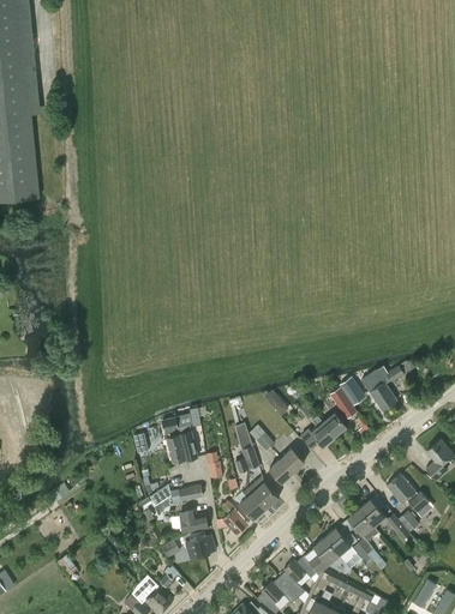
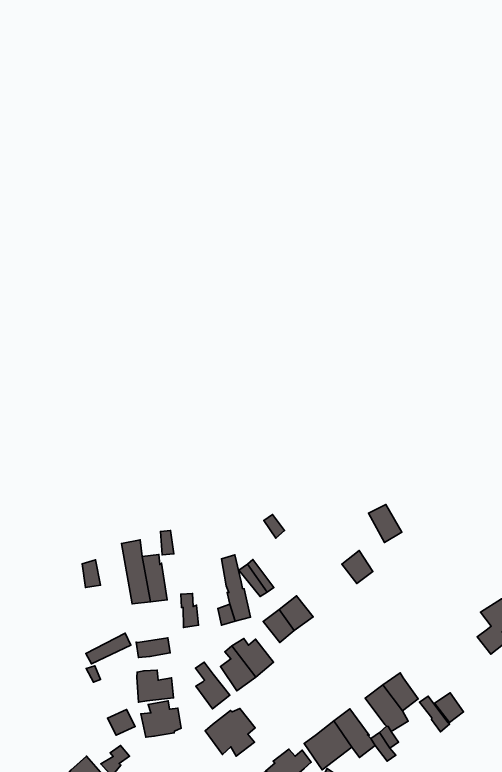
building: [361,361,412,411] -> none
building: [300,416,335,449] -> none
building: [387,475,430,514] -> none
building: none -> [205,708,255,756]

